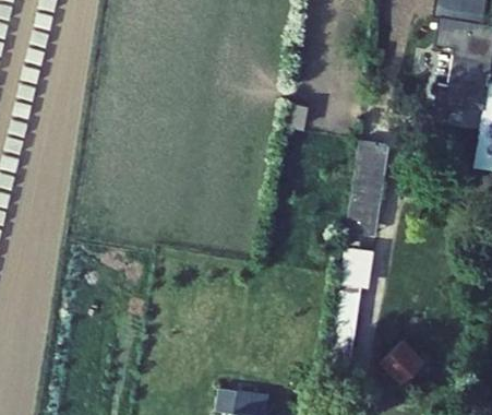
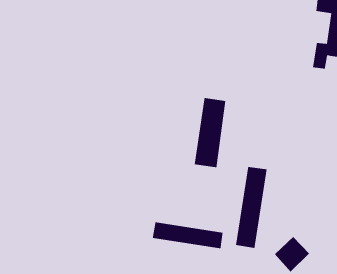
building: [343,147,385,240] -> [194,98,226,168]
building: none -> [152,222,223,249]

